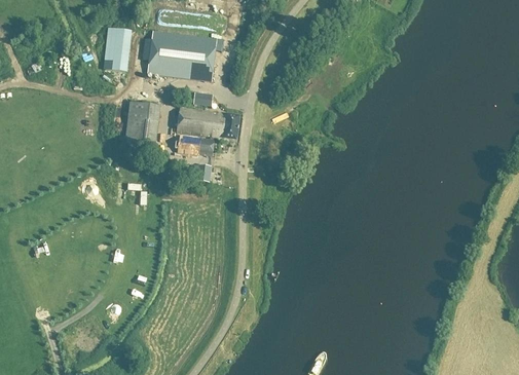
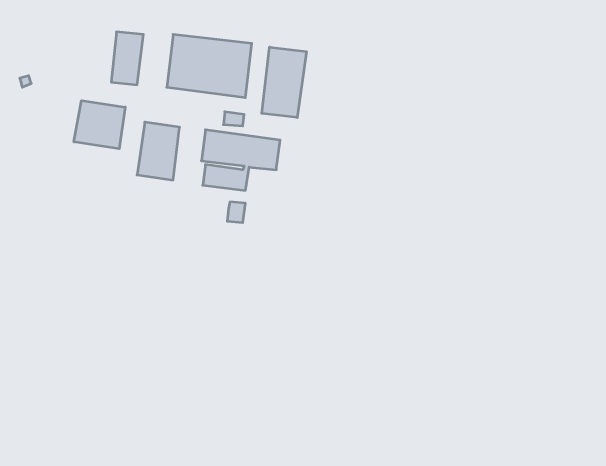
building: none -> [262,47,306,118]
building: none -> [74,101,125,149]

